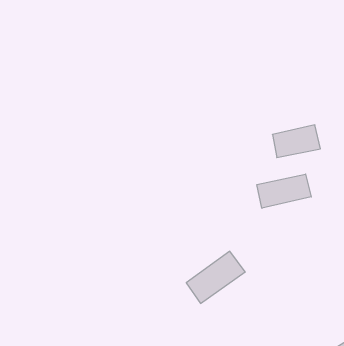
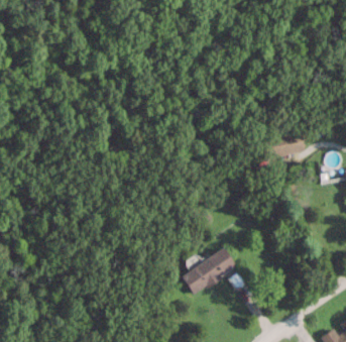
building: [257,174,311,208] -> none

